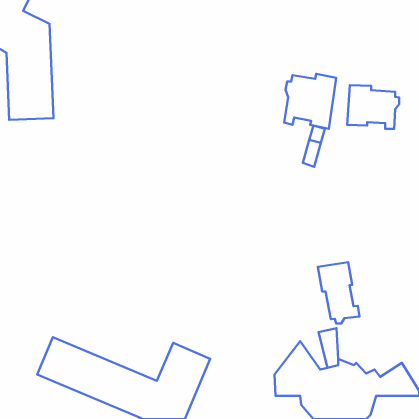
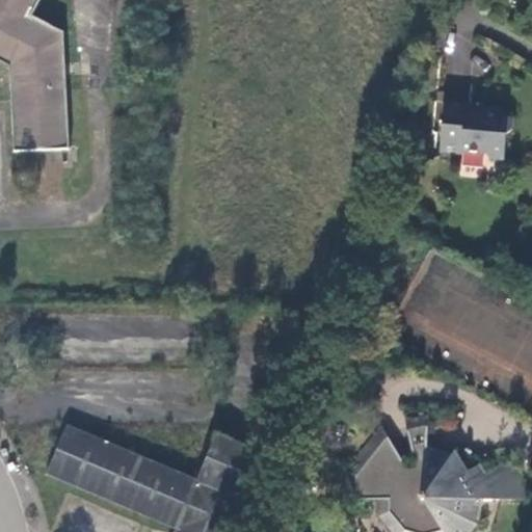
building: [284,74,336,129] -> none
building: [318,262,360,324] -> none

